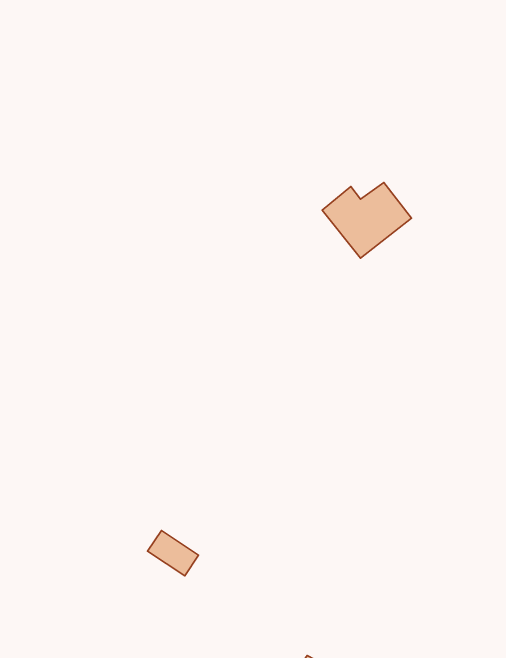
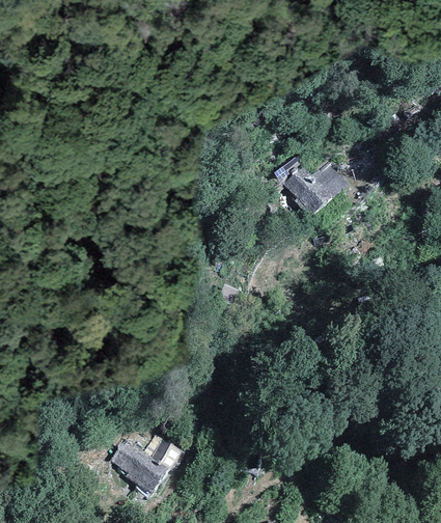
building: none -> [108,436,171,497]

